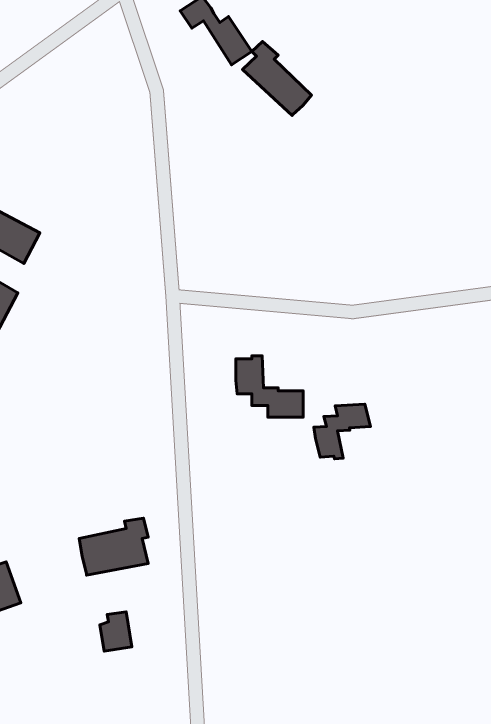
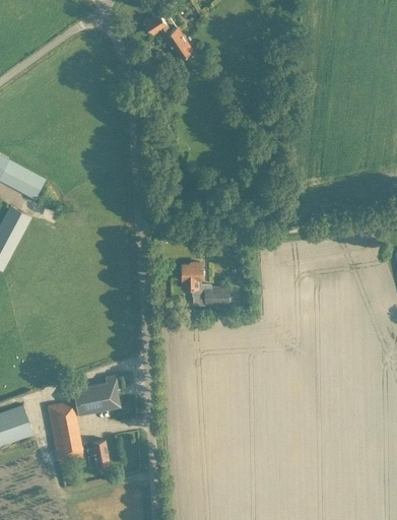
building: [243,41,312,116] -> none
building: [314,404,370,459] -> none
building: none -> [47,402,81,459]

